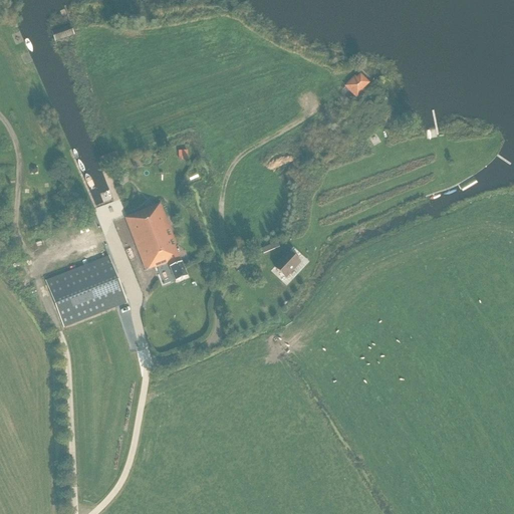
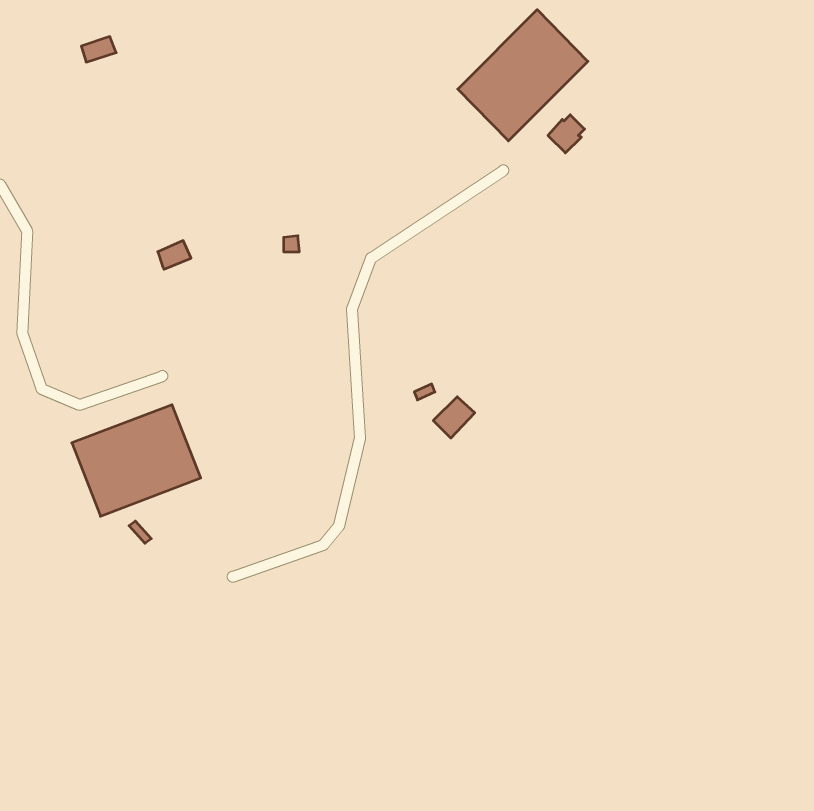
building: none -> [458,10,588,141]
building: [124,202,187,280] -> none

